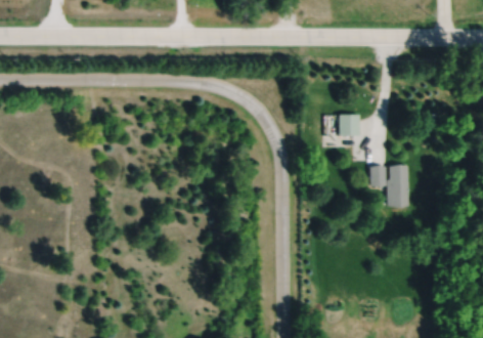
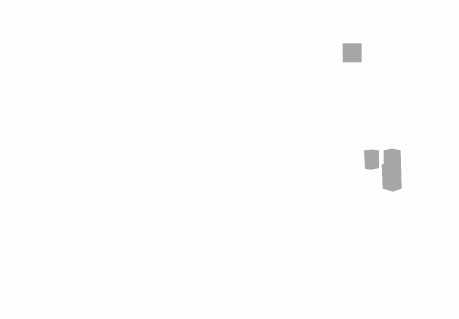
building: [339,114,359,134] -> [342,42,363,63]

